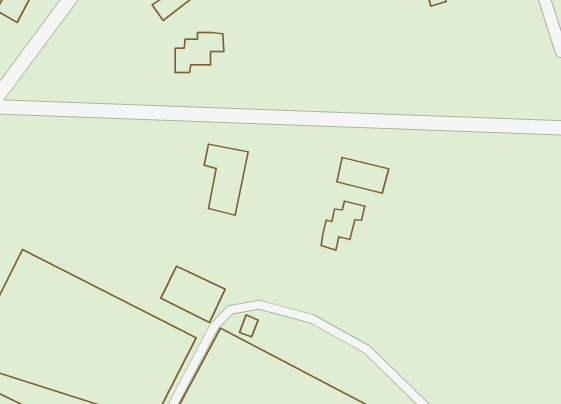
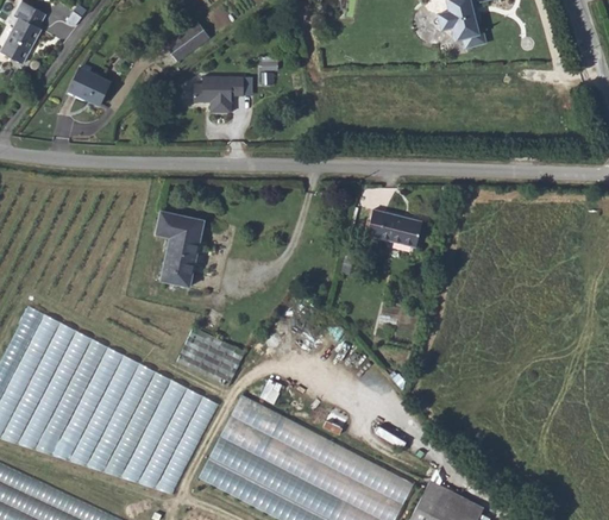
building: none -> [68,67,111,106]
building: [204,144,248,215] -> [156,212,203,288]
building: [321,201,365,250] -> none

